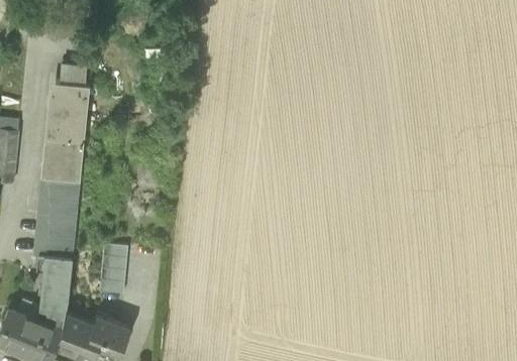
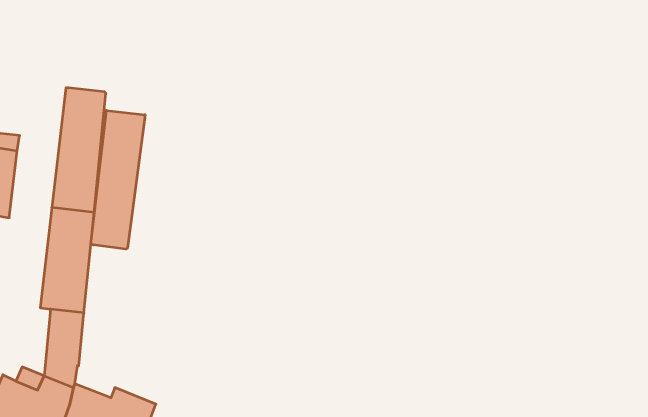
building: [59,66,89,86] -> none
building: none -> [91,110,145,249]
building: [98,245,127,295] -> none

